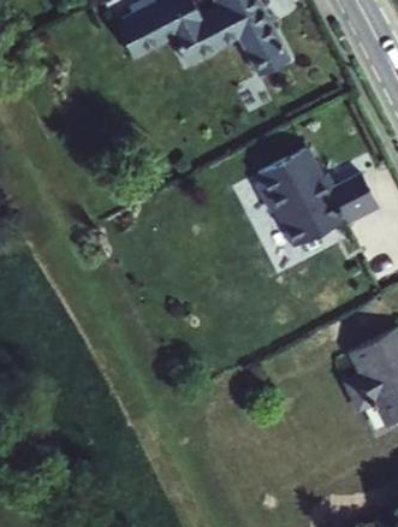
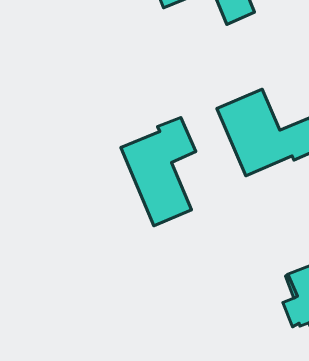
building: none -> [121,117,196,226]

